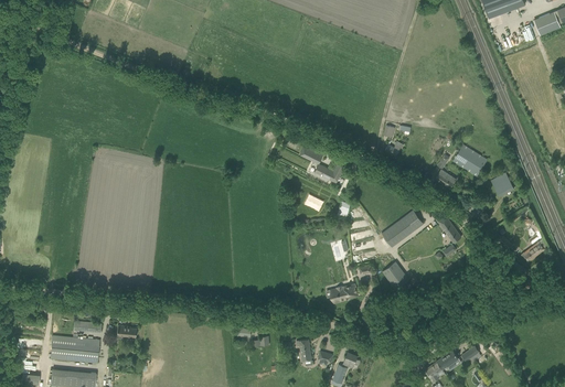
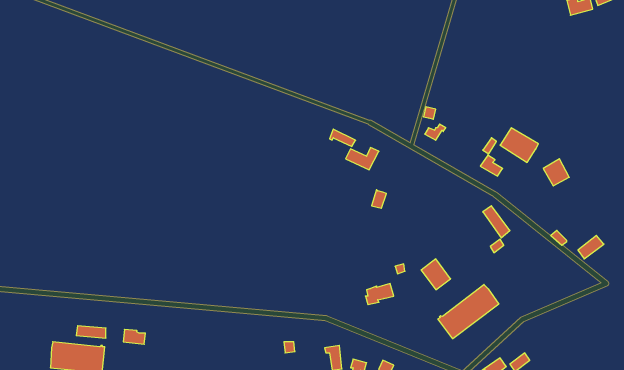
building: [382,209,424,246] -> none
building: none -> [438,284,499,339]

